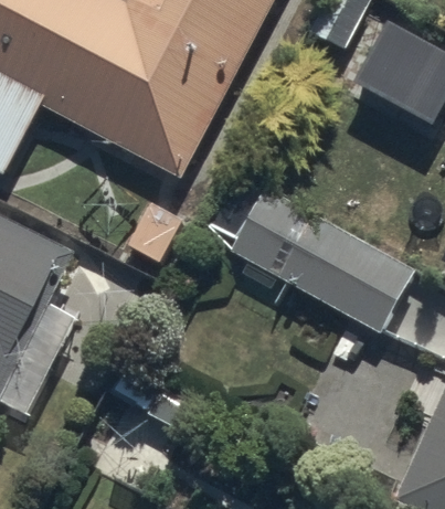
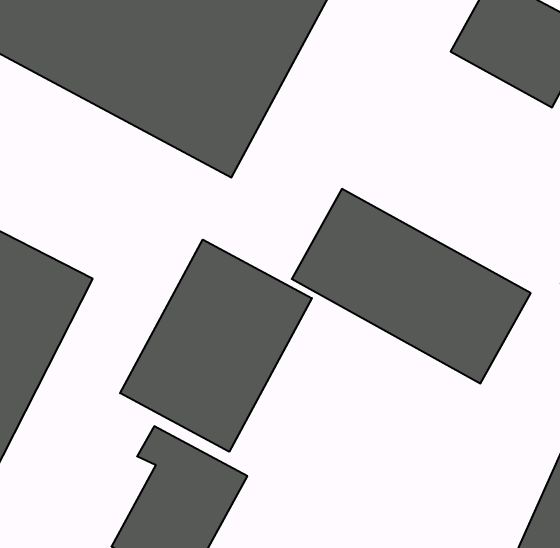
building: none -> [120,240,312,452]

